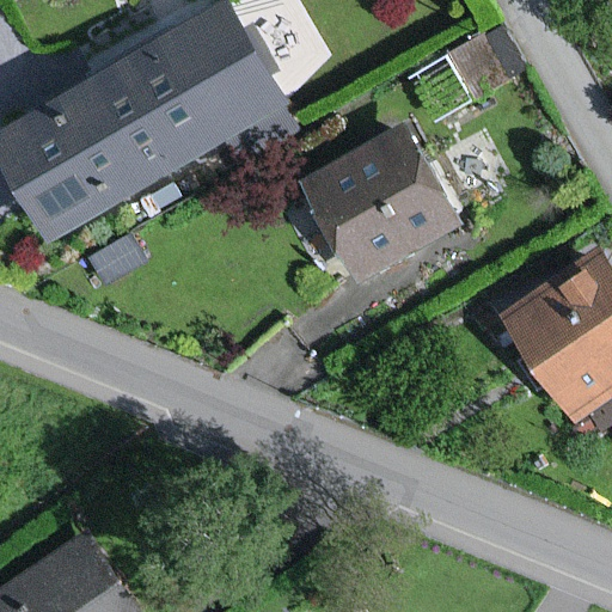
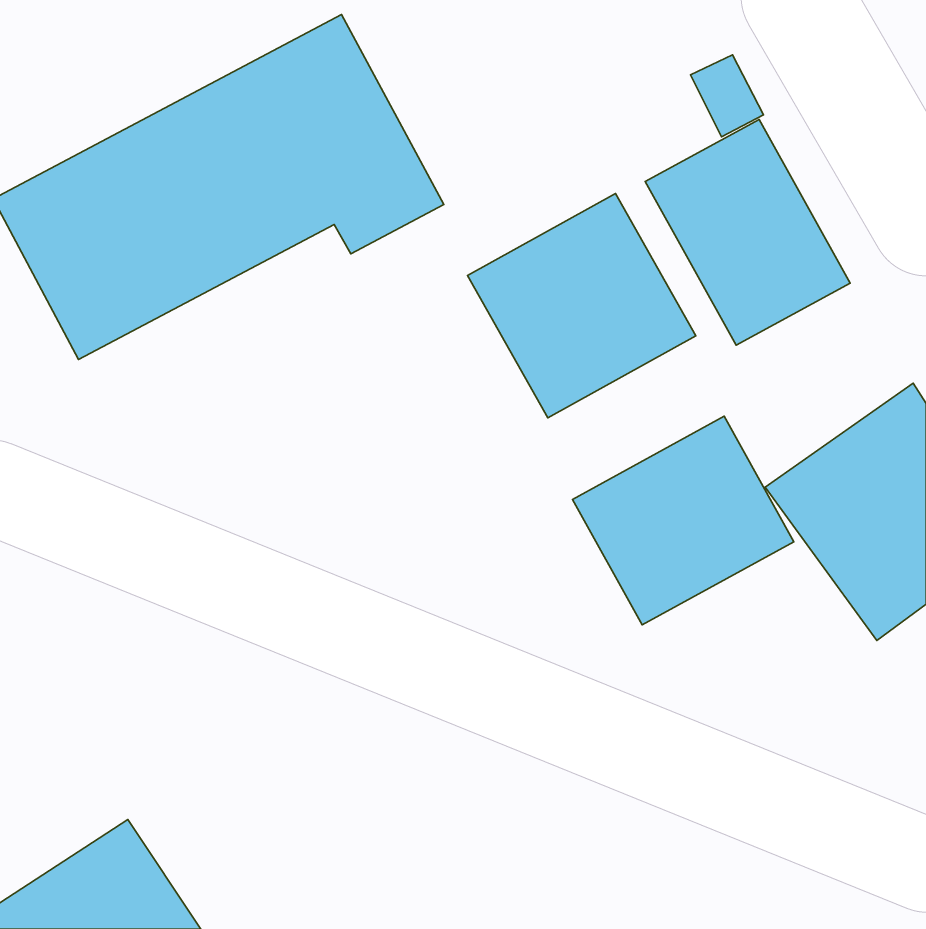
building: none -> [645,119,850,345]
building: none -> [572,416,794,625]

